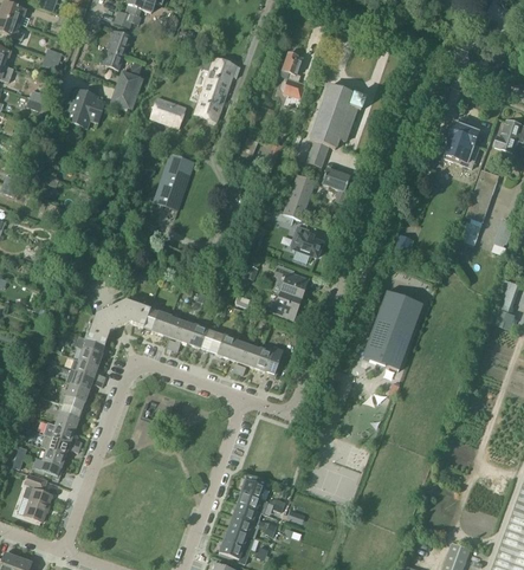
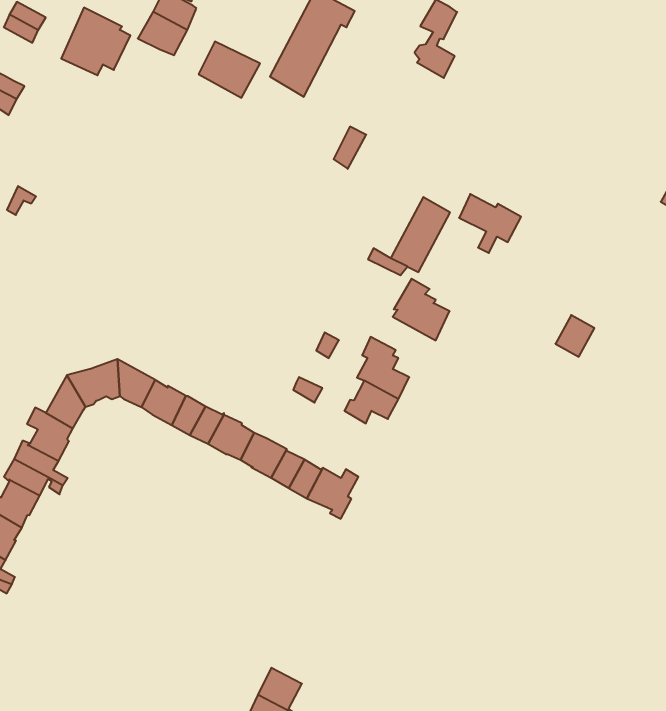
building: [306,84,364,167] -> none
building: [151,154,194,210] -> none
building: [361,291,422,370] -> none

